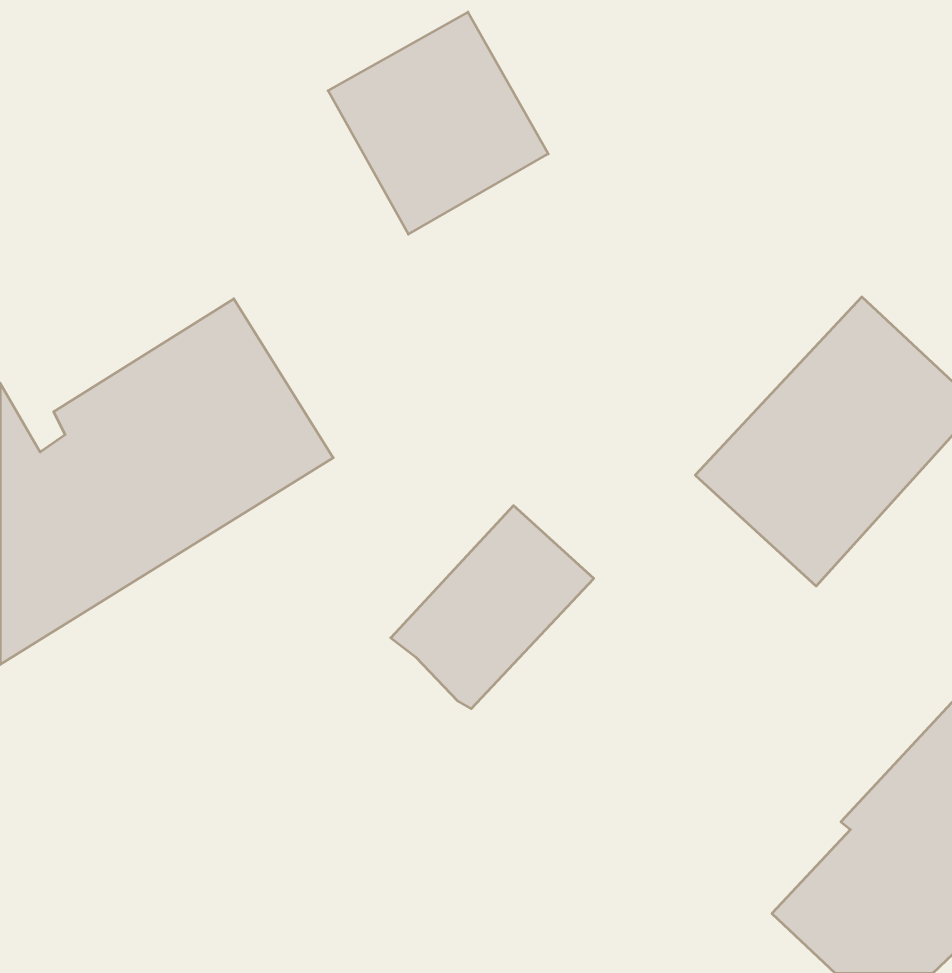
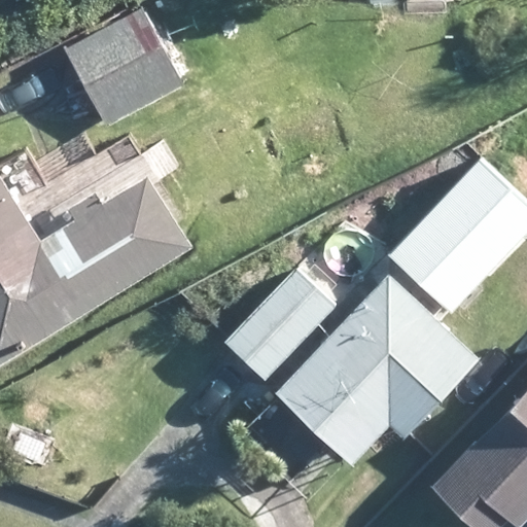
building: [328,12,548,234] -> [68,6,186,126]
building: none -> [273,274,475,466]

